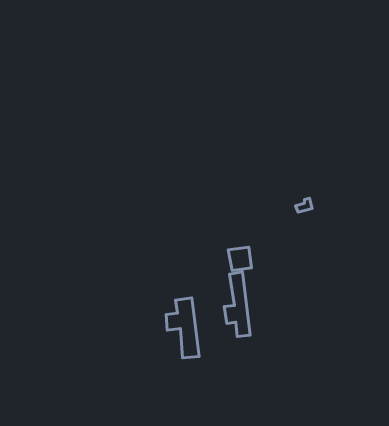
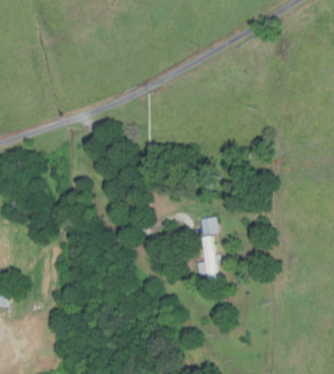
building: [166,298,199,358] -> none

